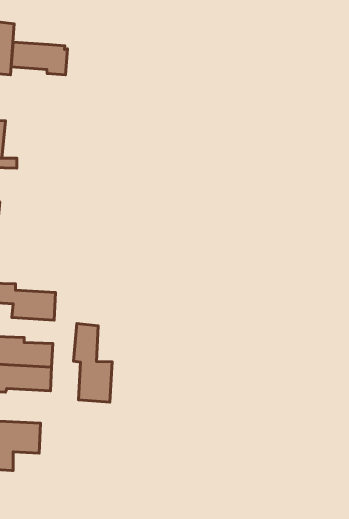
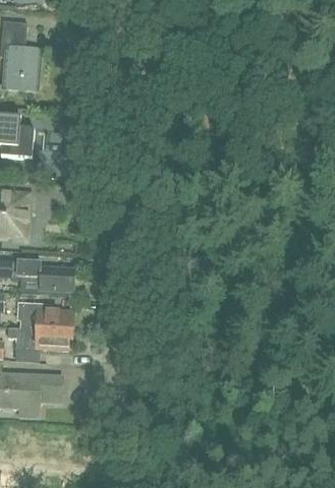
building: [11,42,68,75] -> none
building: [74,324,112,402] -> none

